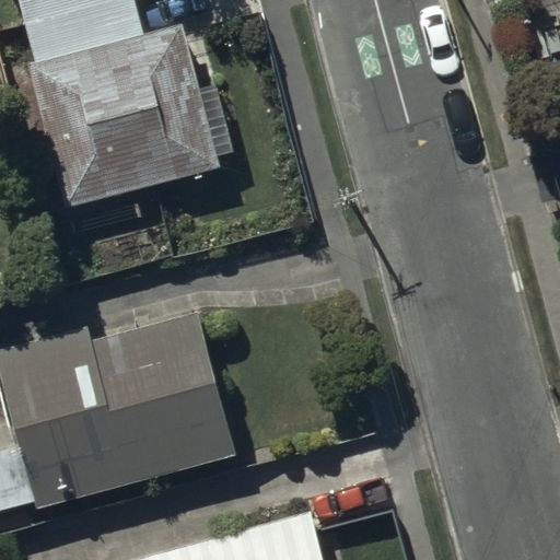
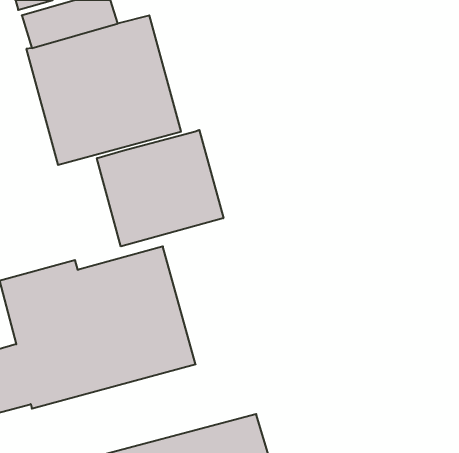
building: none -> [97,130,223,246]

